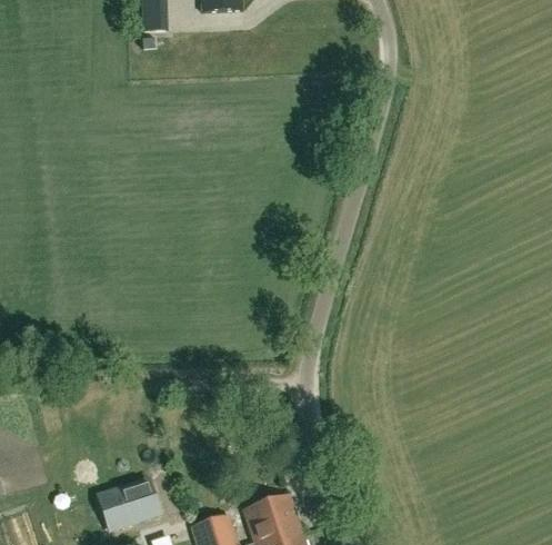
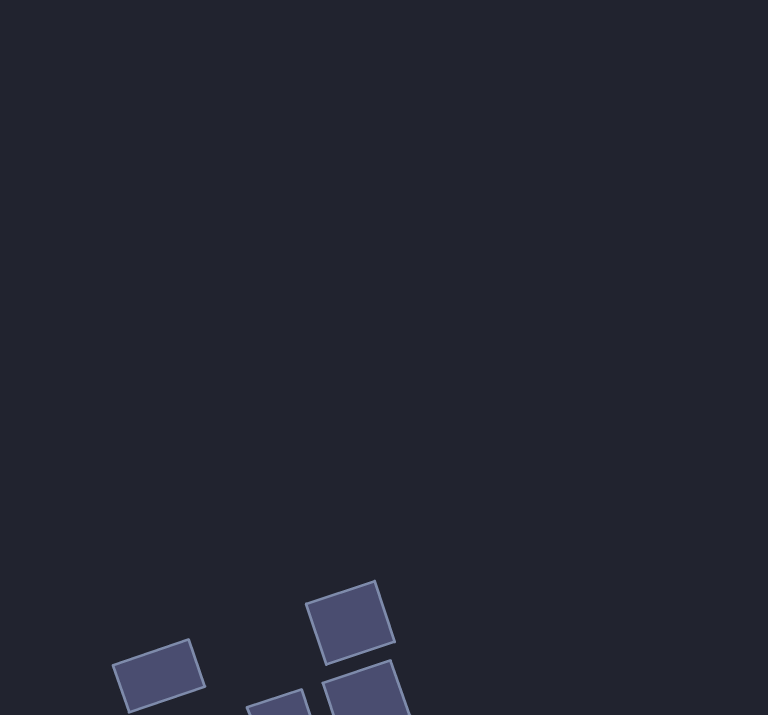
building: none -> [306,581,395,665]

